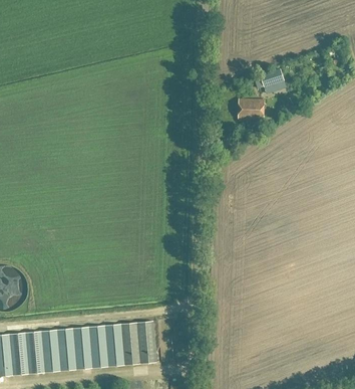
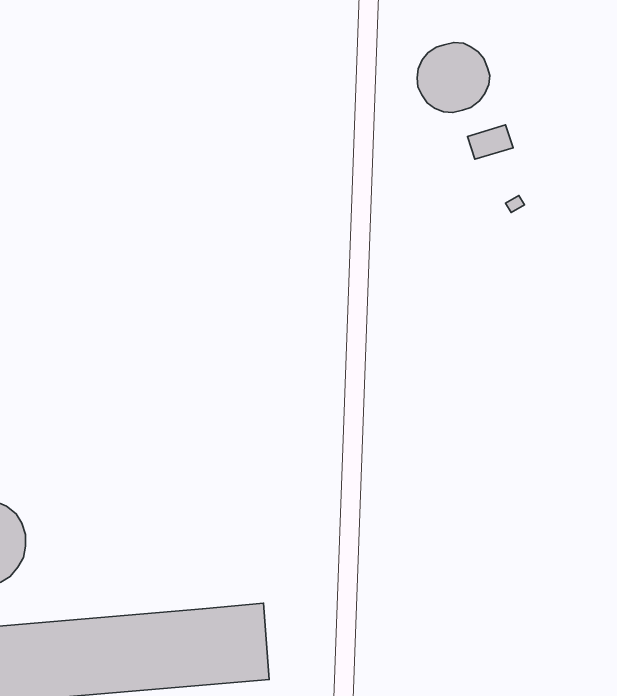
building: none -> [417,42,490,112]
building: [237,99,263,119] -> none

